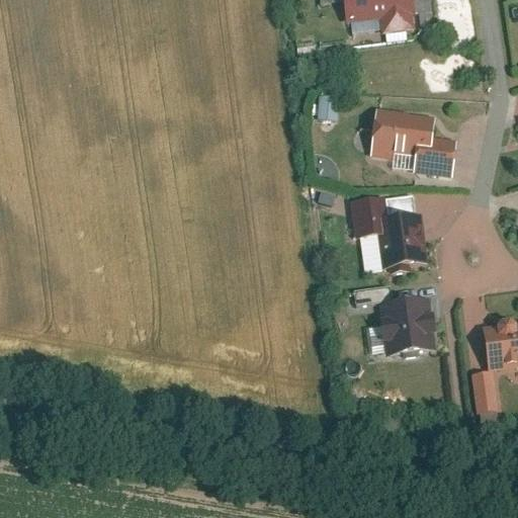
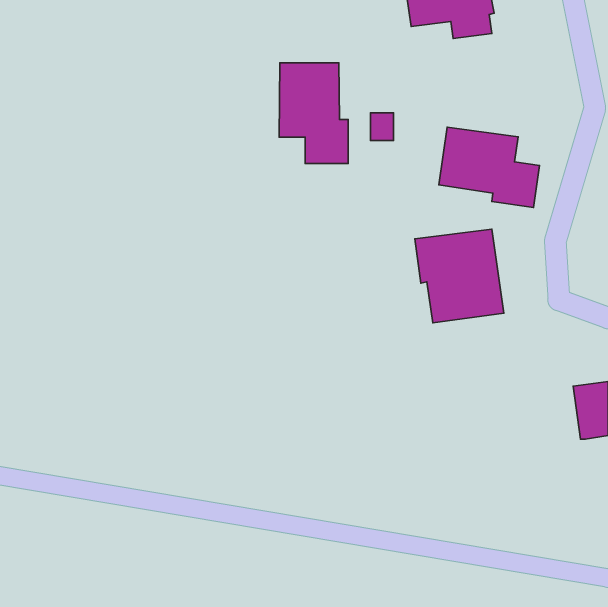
building: none -> [279,63,348,163]
building: [380,296,439,358] -> none
building: [470,370,502,429] -> none

